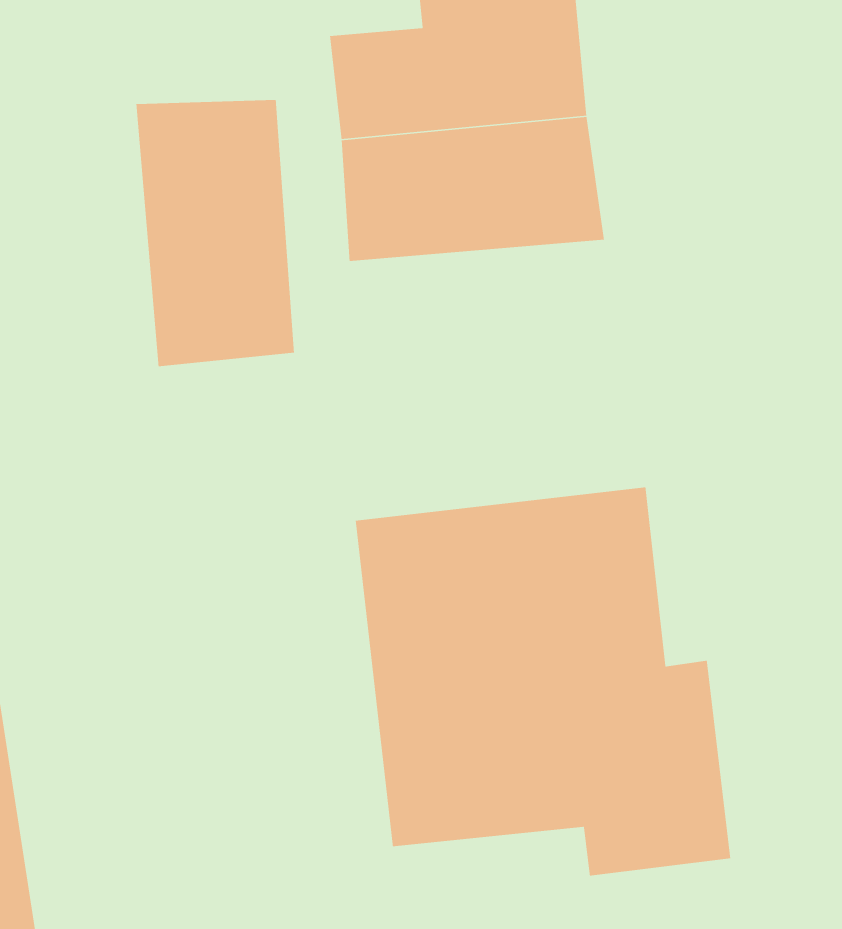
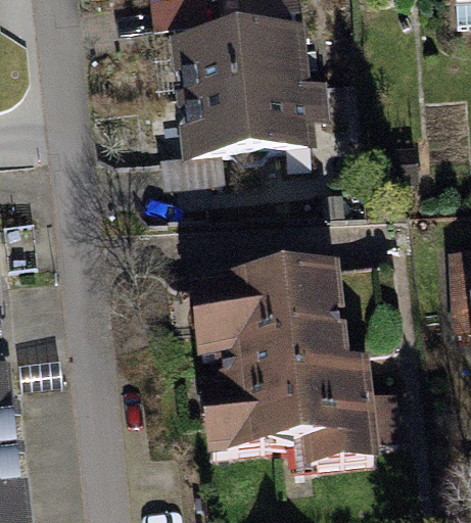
building: [136,99,295,367] -> none

